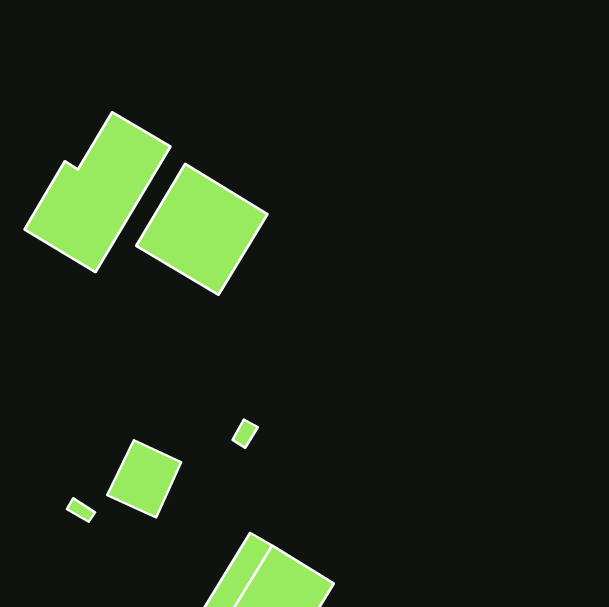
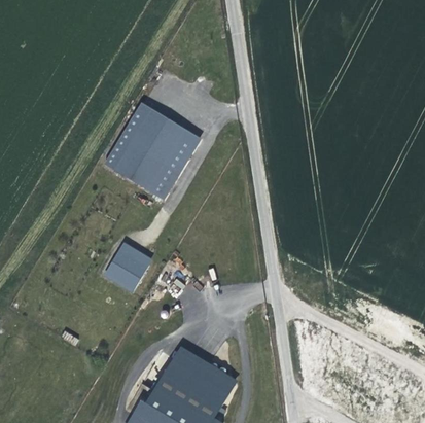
building: [25,112,170,272] -> none
building: [107,440,181,517] -> [103,240,151,290]

